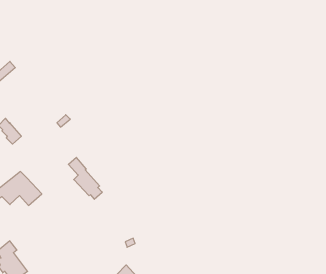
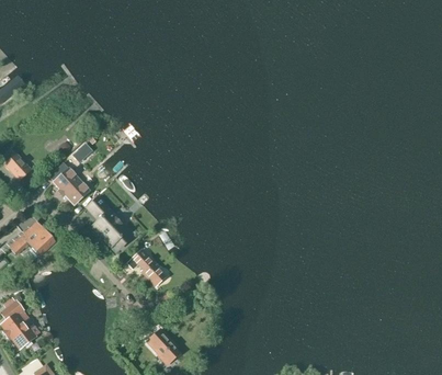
building: none -> [49,163,91,206]
building: none -> [128,252,163,285]

